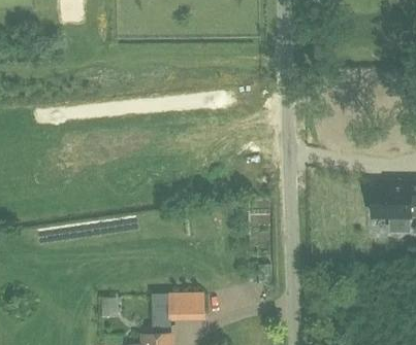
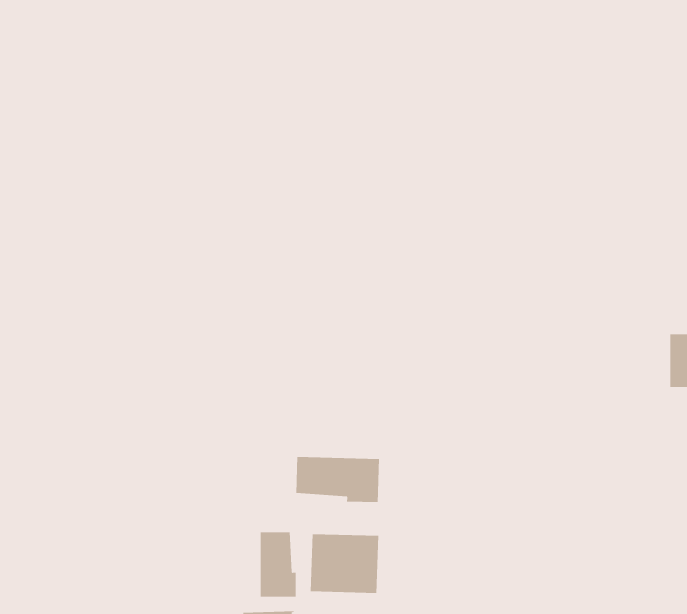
building: none -> [296,456,380,503]

